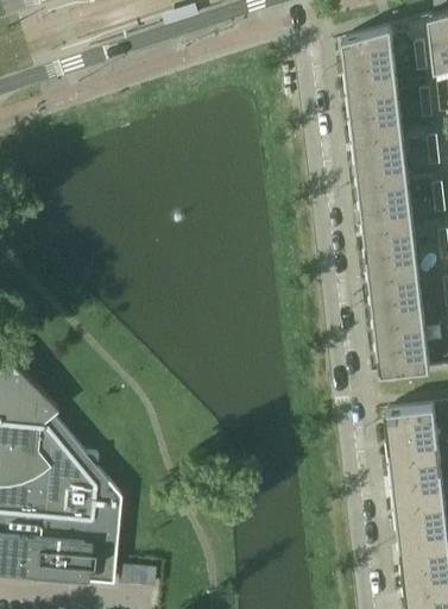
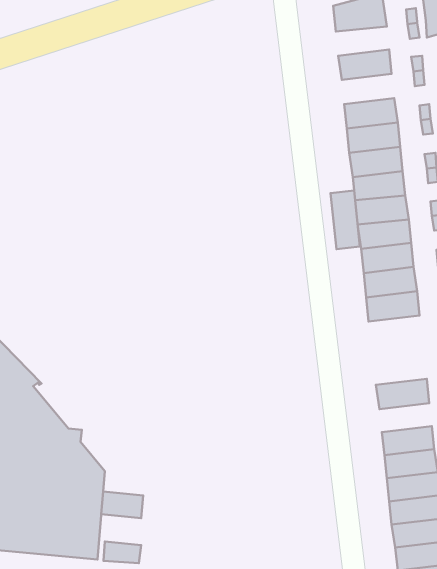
building: [345,62,397,90] -> none
building: [351,108,402,138] -> none
building: none -> [331,191,360,249]
building: [377,345,429,376] -> none
building: [387,431,438,459] -> none
building: none -> [101,492,143,518]

